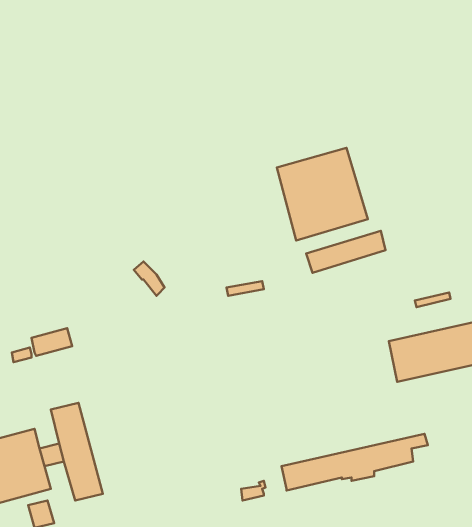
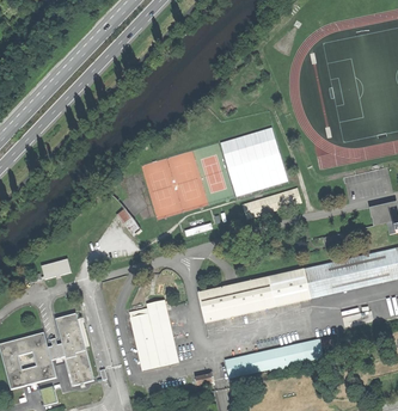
building: none -> [197,268,310,323]
building: none -> [129,305,177,369]

